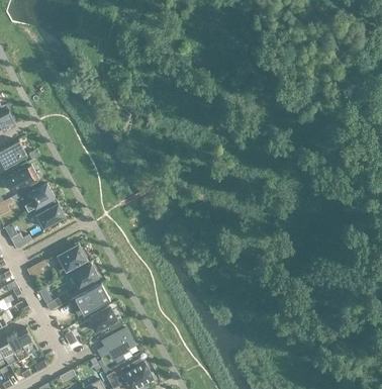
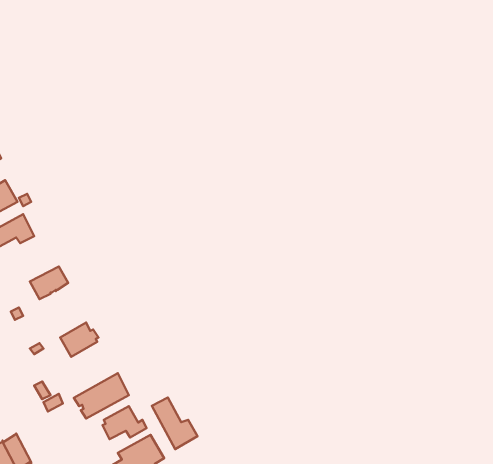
building: [23,184,54,213] -> none
building: [70,264,97,290] -> none
building: none -> [152,397,198,449]

